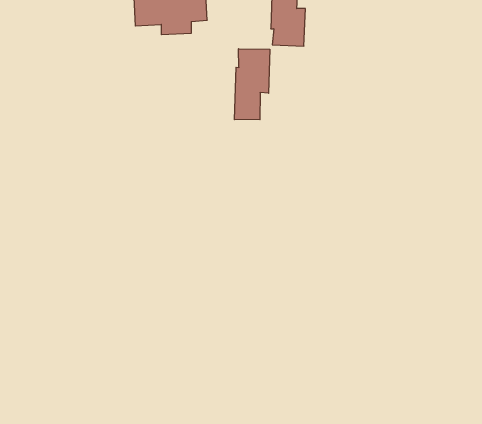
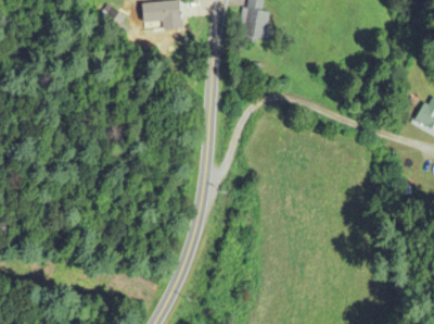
building: [234,49,270,120] -> none

